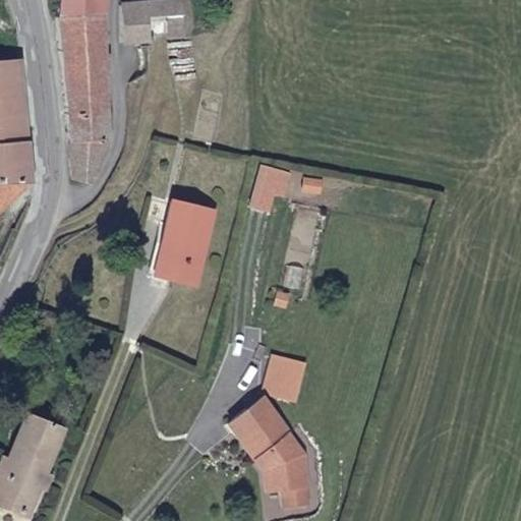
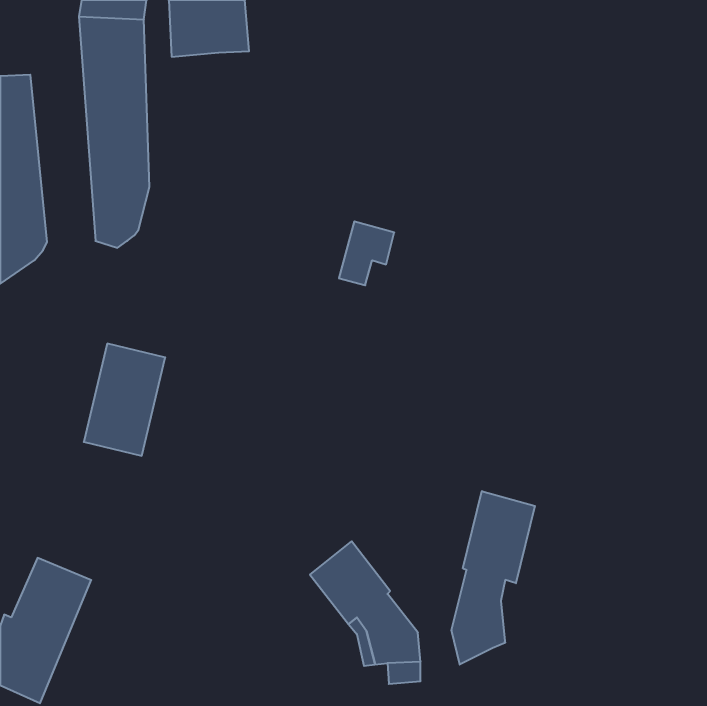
building: [155,199,215,282] -> [84,344,165,456]
building: [263,356,305,401] -> none
building: none -> [452,491,535,665]

